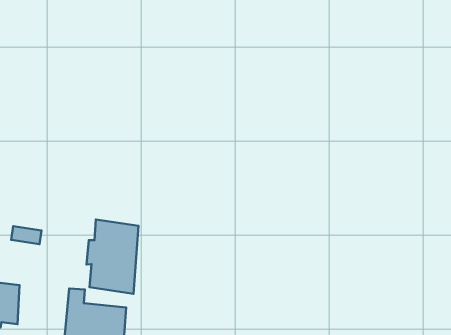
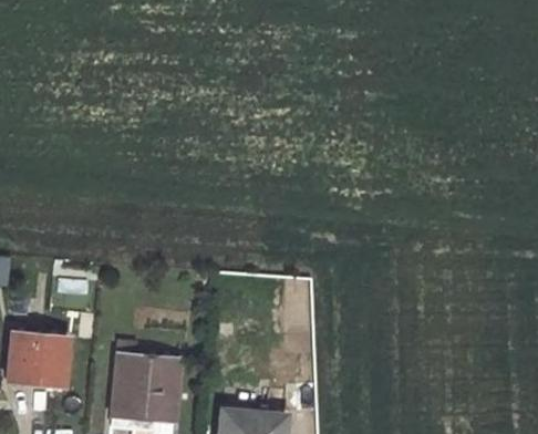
building: [87,220,139,294] -> none

